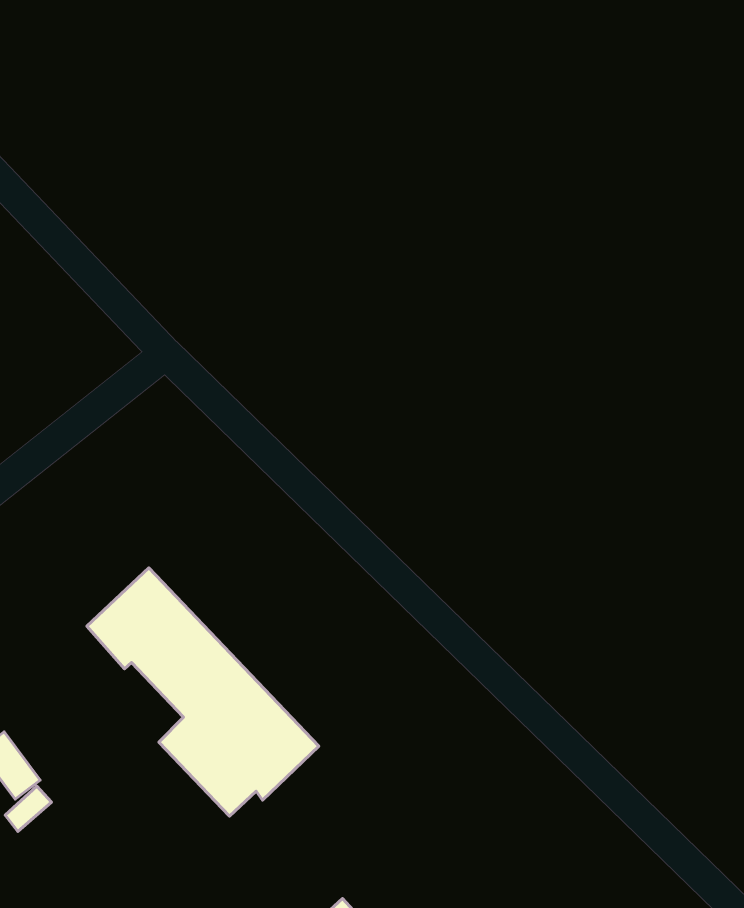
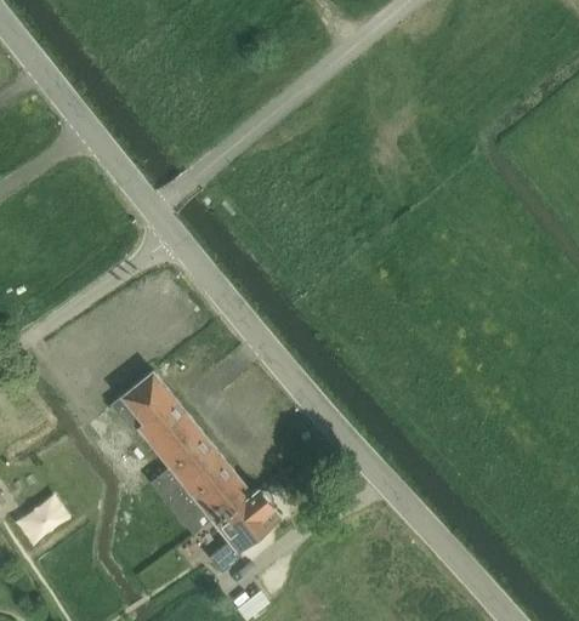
building: none -> [209,489,280,574]

